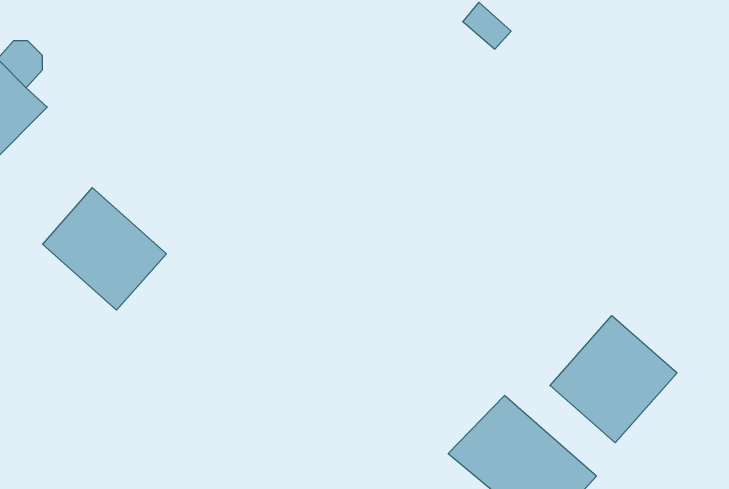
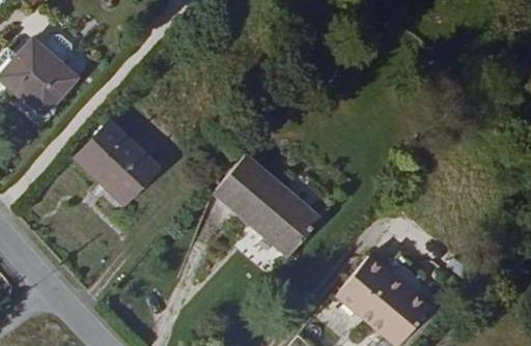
building: none -> [216,156,318,256]
building: [550,316,677,443] -> none

